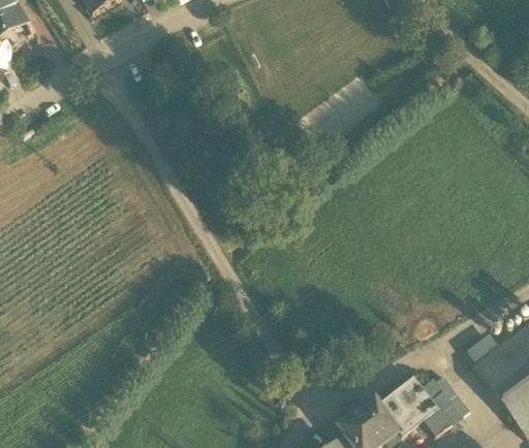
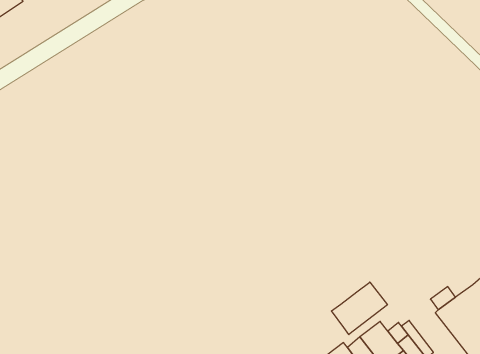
building: none -> [331,282,387,335]

